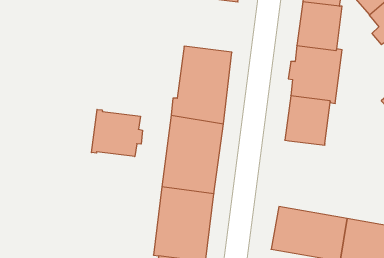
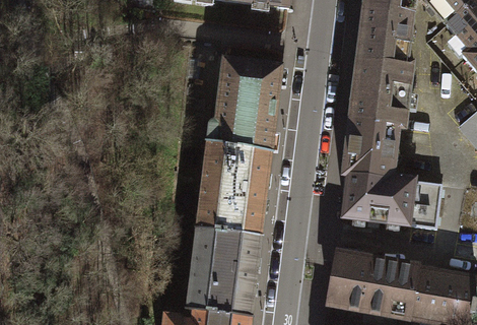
building: [91,109,142,157] -> none
building: none -> [344,173,441,228]

